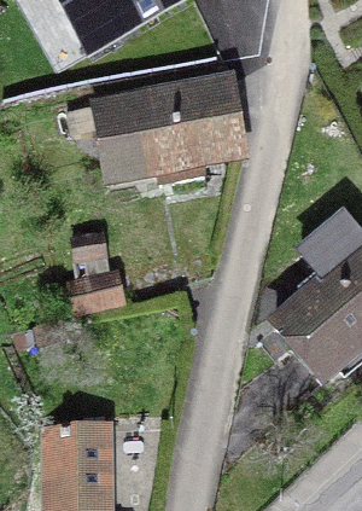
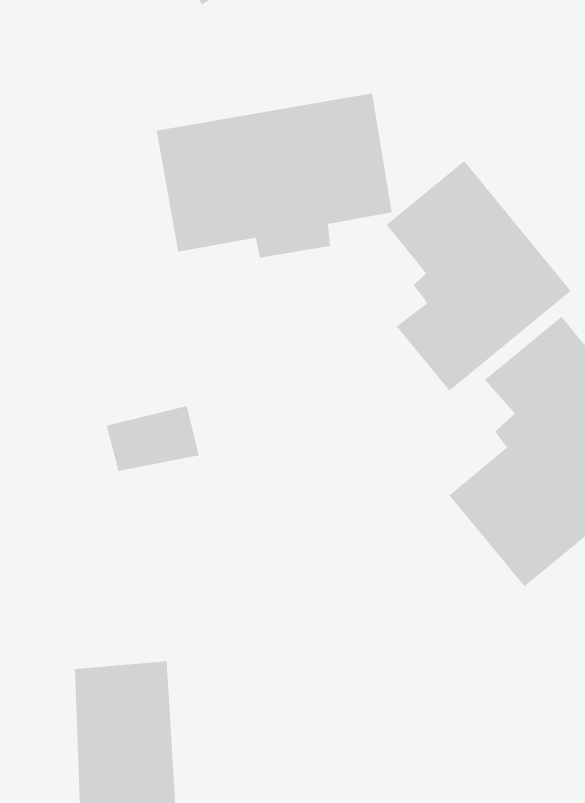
building: none -> [386,160,572,392]

